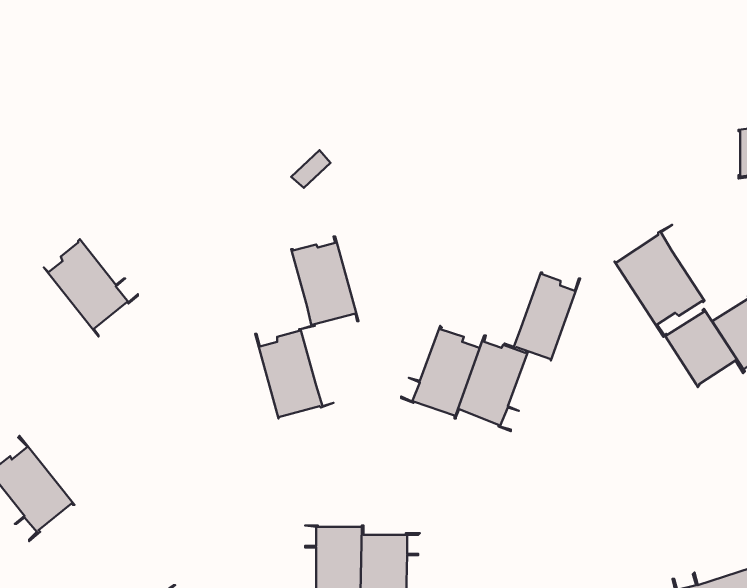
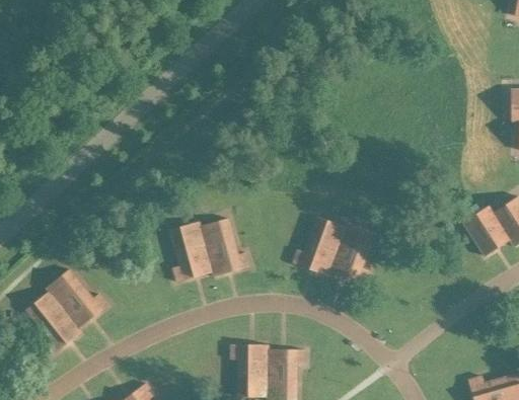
building: [615,225,705,337] -> none
building: [291,236,359,329] -> [169,222,213,282]
building: [44,239,138,337] -> [46,269,106,332]
building: [504,273,580,361] -> none

